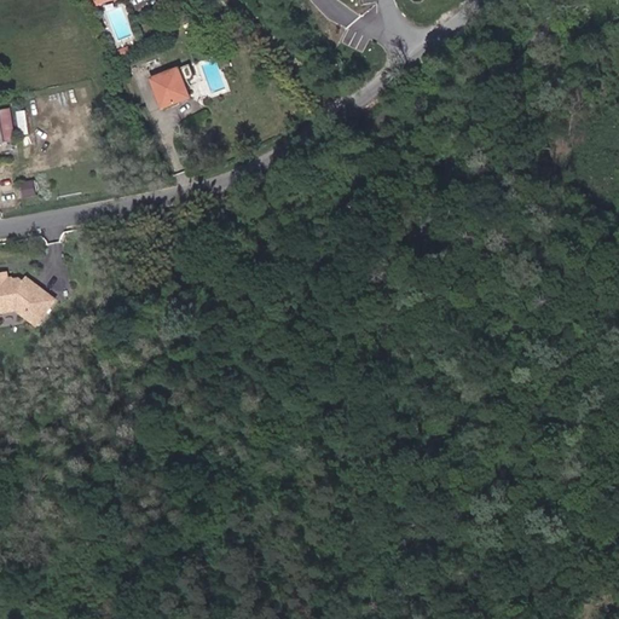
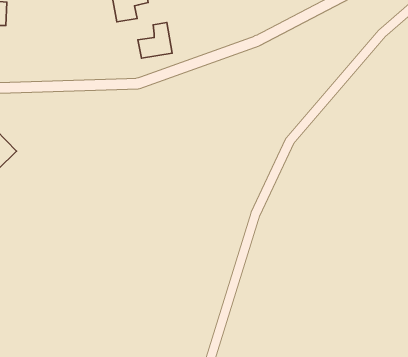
building: none -> [138,23,172,58]

